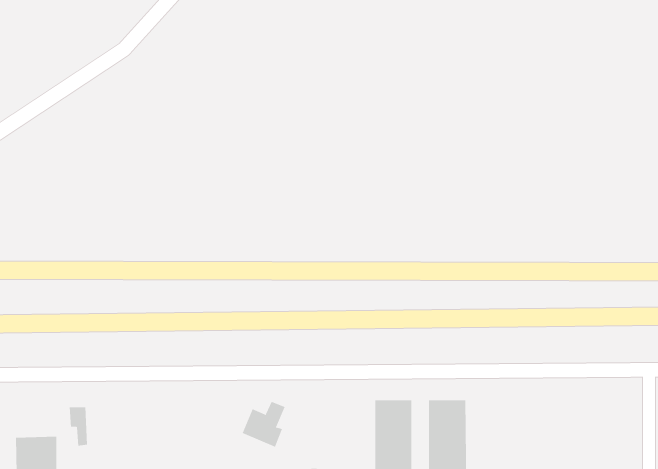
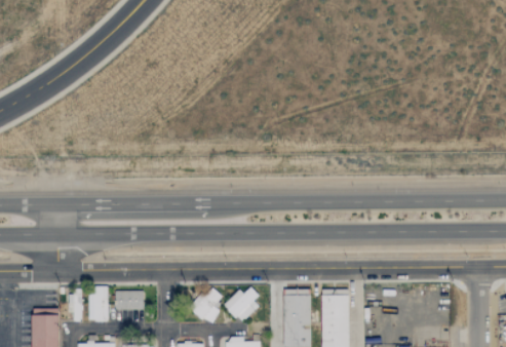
building: none -> [89,285,109,321]
building: none -> [225,287,264,321]
building: none -> [115,291,144,310]

